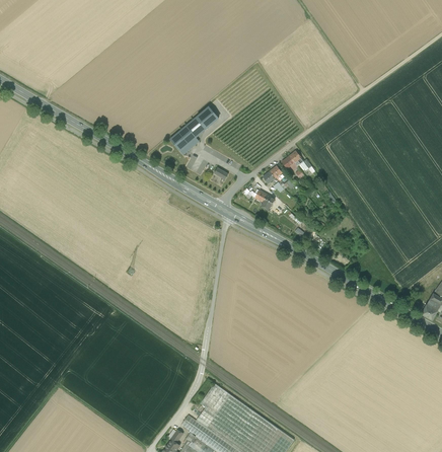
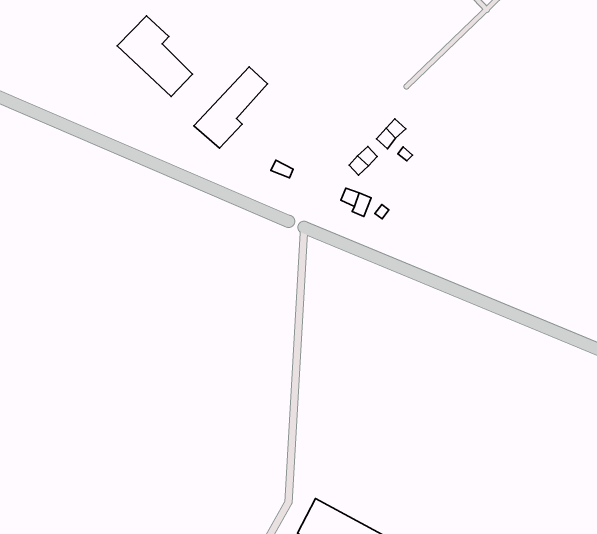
building: none -> [117,16,192,97]

